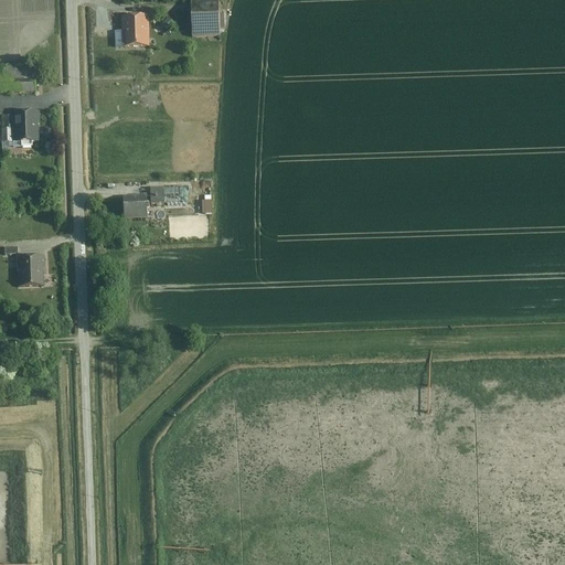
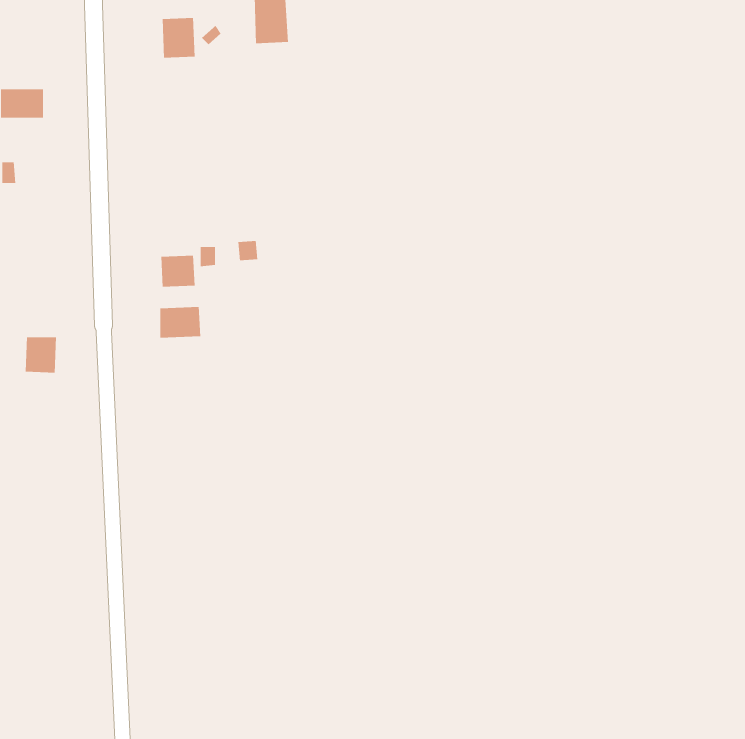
building: [13,109,38,139] -> none
building: none -> [160,306,201,338]

